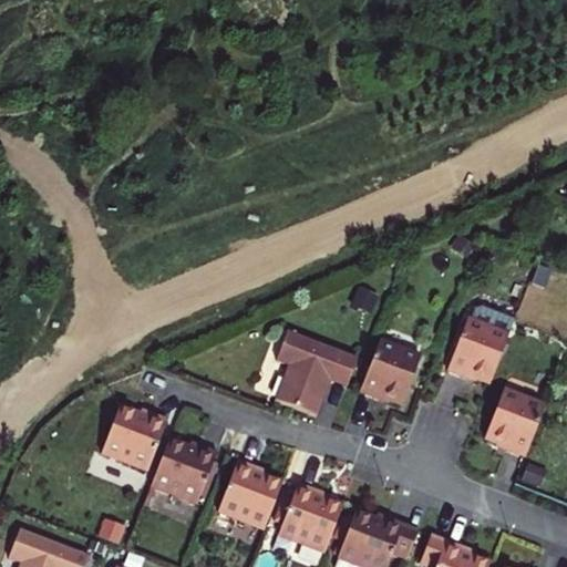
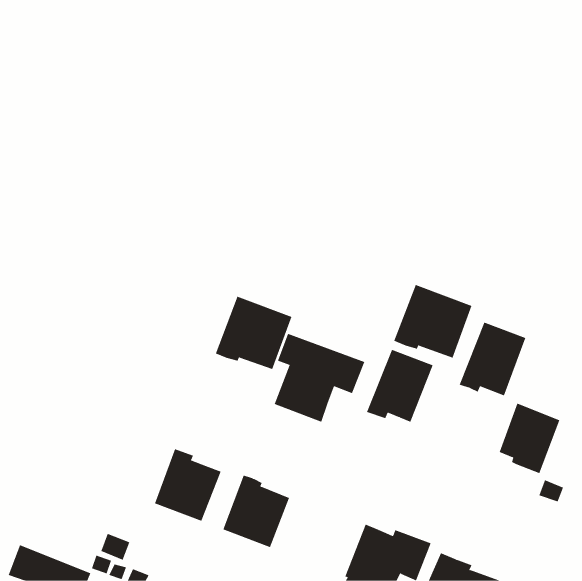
building: none -> [394,284,472,358]
building: none -> [215,296,292,370]
building: [102,421,164,485] -> none
building: [274,485,342,555] -> none

